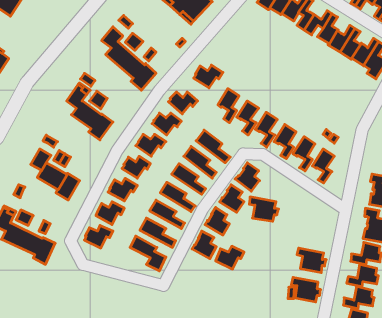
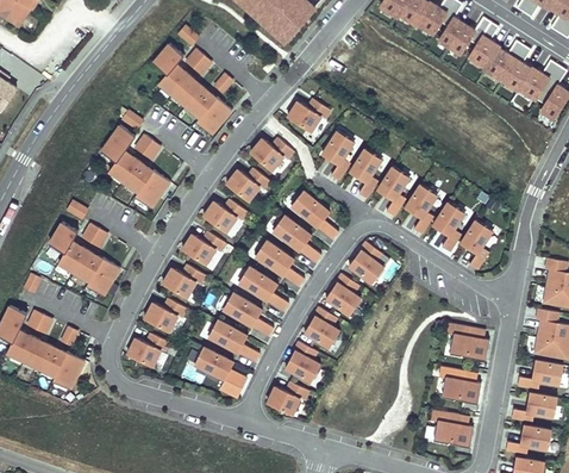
building: [249,197,279,221] -> [446,323,489,359]
building: [216,246,244,269] -> [267,382,308,416]

